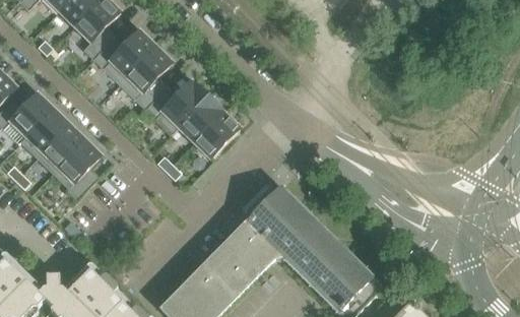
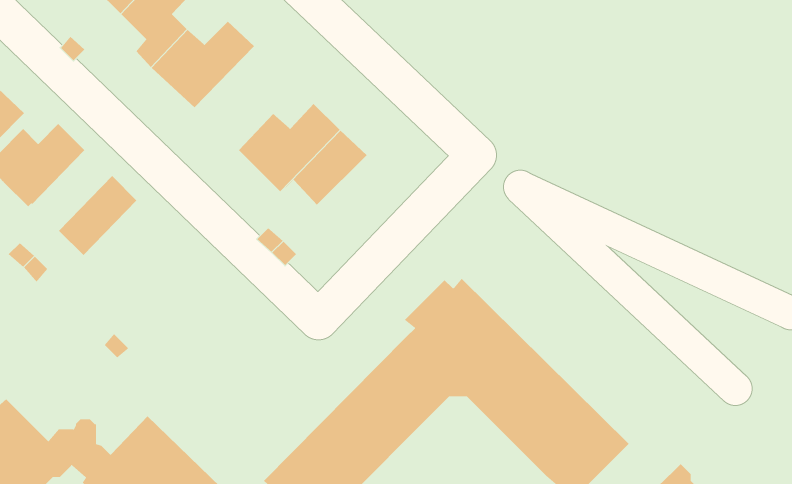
building: [119,45,172,108] -> none
building: [20,108,69,156] -> none
building: [193,111,240,156] -> none
building: [52,138,102,199] -> none

